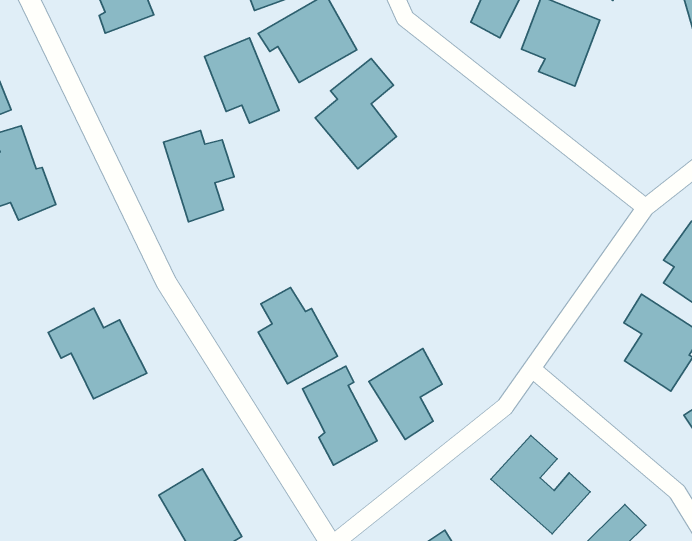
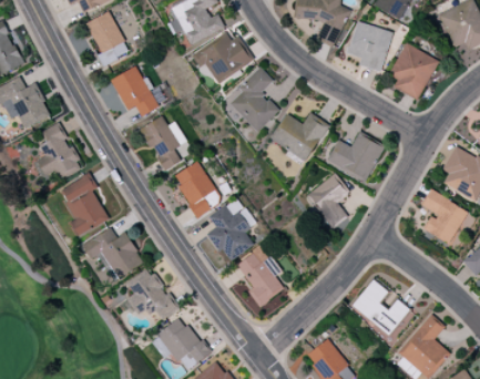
building: [204,38,279,123] -> [111,66,157,116]
building: none -> [388,43,438,100]
building: none -> [270,113,328,162]
building: none -> [327,132,385,182]
building: none -> [173,162,222,217]
building: none -> [60,174,108,236]
building: [369,348,442,439] -> [306,173,349,227]
building: none -> [125,267,175,319]

